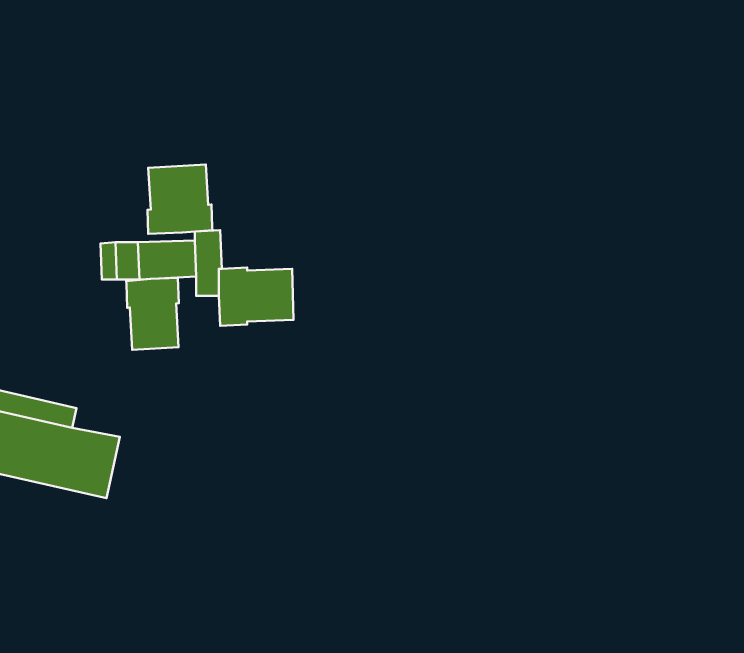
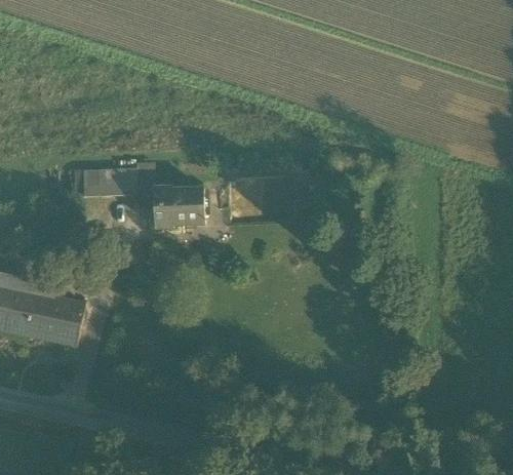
building: [147,165,213,234] -> none
building: [126,278,179,350] -> none

